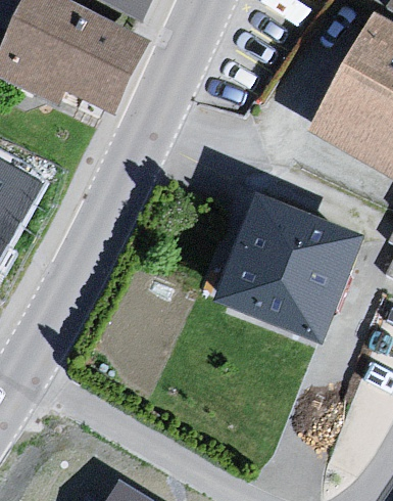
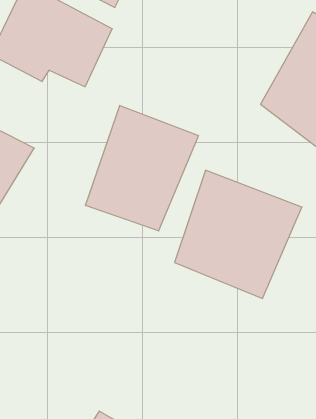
building: none -> [85,105,199,231]

